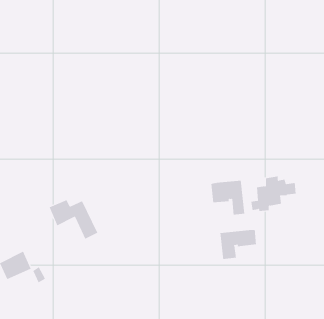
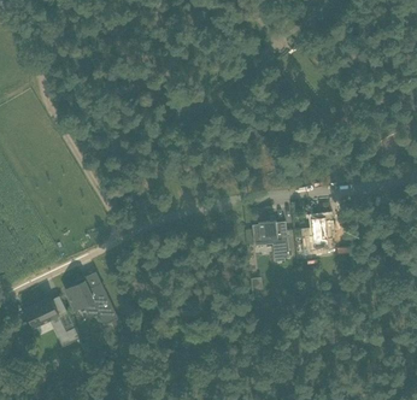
building: [49,199,98,240] -> [65,281,118,324]
building: [220,229,256,260] -> none

